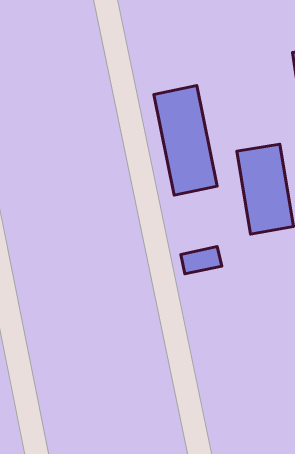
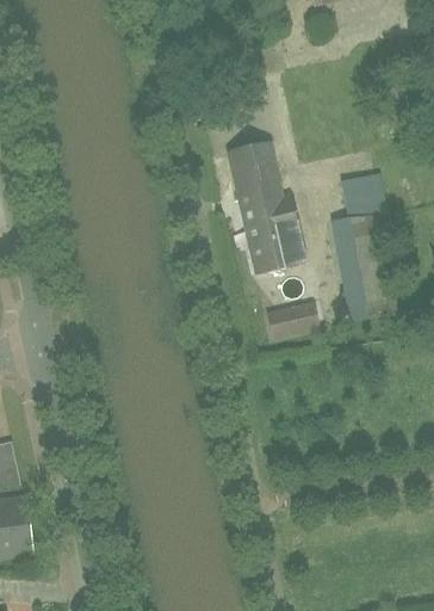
building: none -> [345,172,384,212]
building: [181,247,222,274] -> [267,301,317,334]

